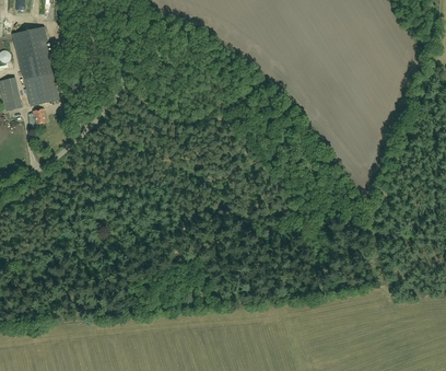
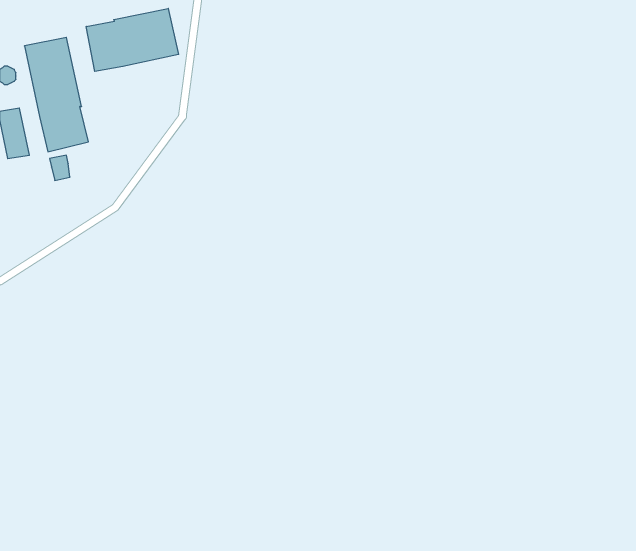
building: none -> [86,8,179,71]

